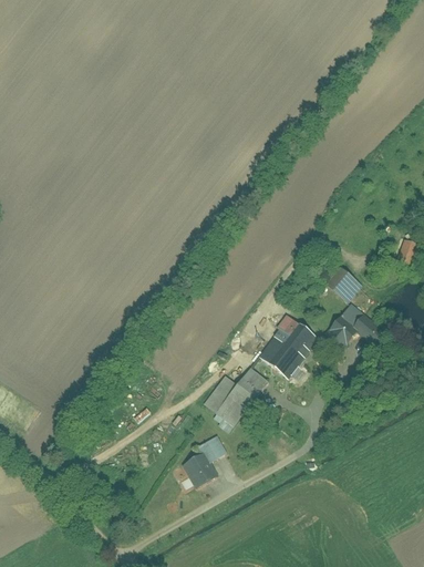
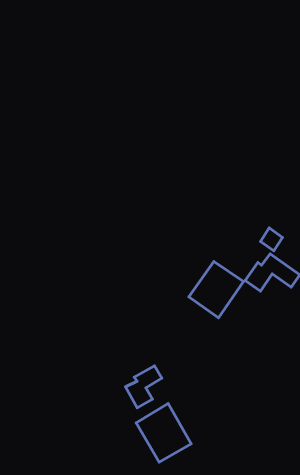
building: [209,371,273,426] -> none
building: none -> [136,404,191,462]

